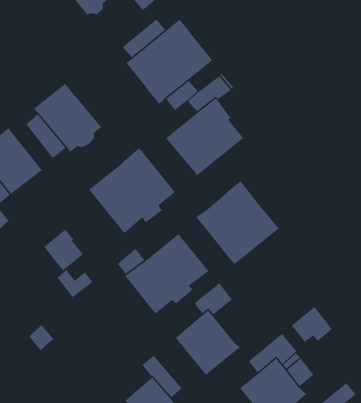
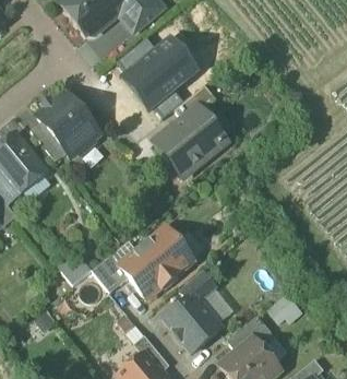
building: [88,147,176,234] -> none
building: [195,180,280,265] -> none
building: [43,228,84,272] -> [92,253,128,292]
building: none -> [196,285,234,323]

